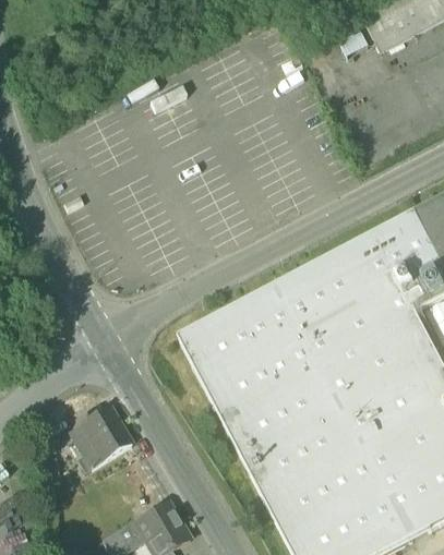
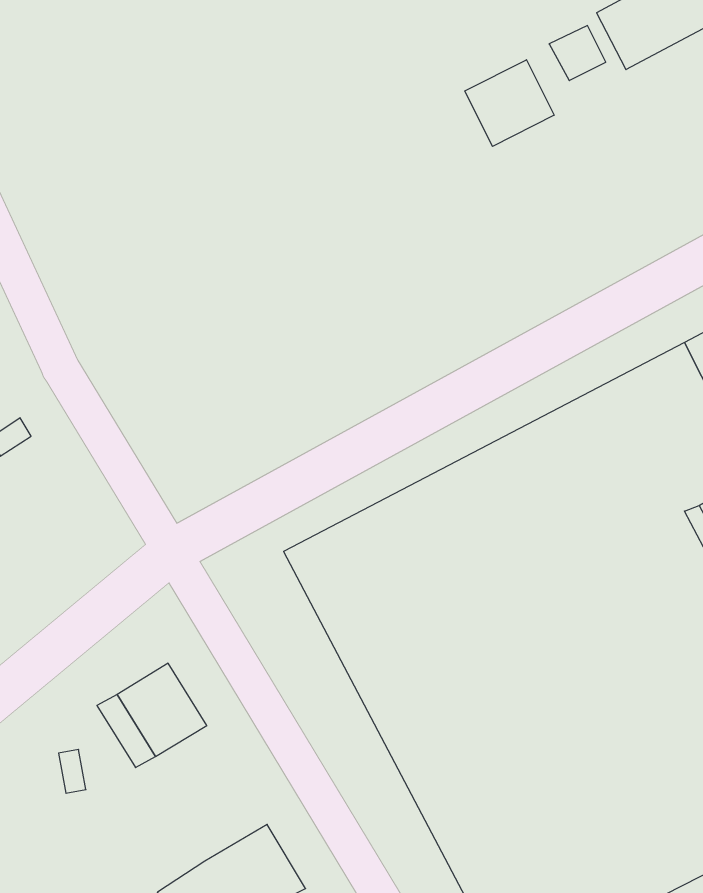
building: none -> [465,60,554,146]

